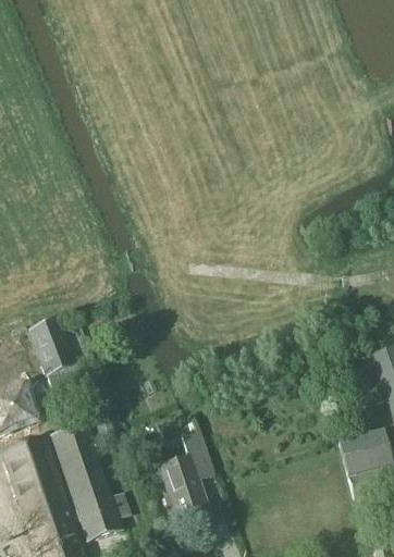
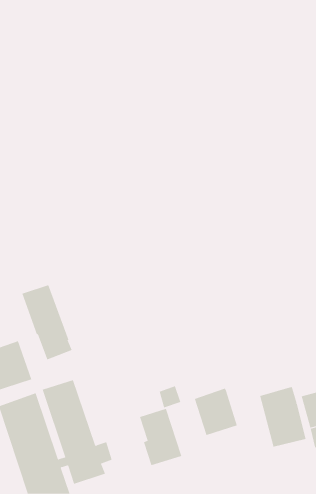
building: none -> [260,386,306,448]
building: none -> [194,388,238,436]

